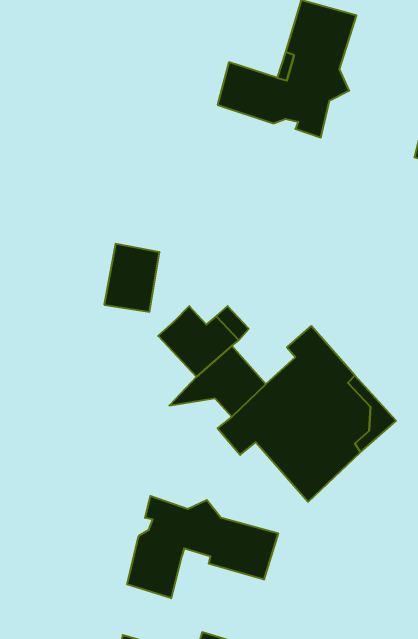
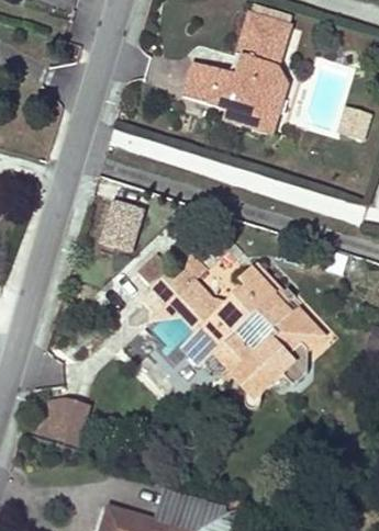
building: none -> [226,82,288,131]
building: [127,496,278,598] -> none
building: none -> [42,396,89,445]

